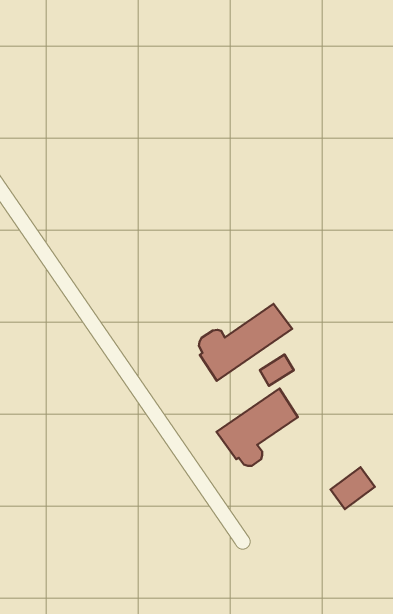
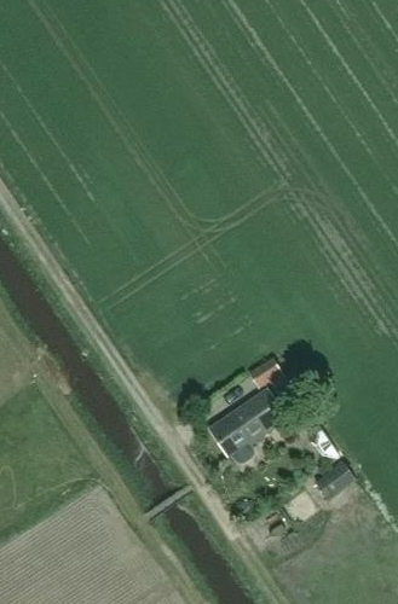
building: [199,304,292,381] -> none

